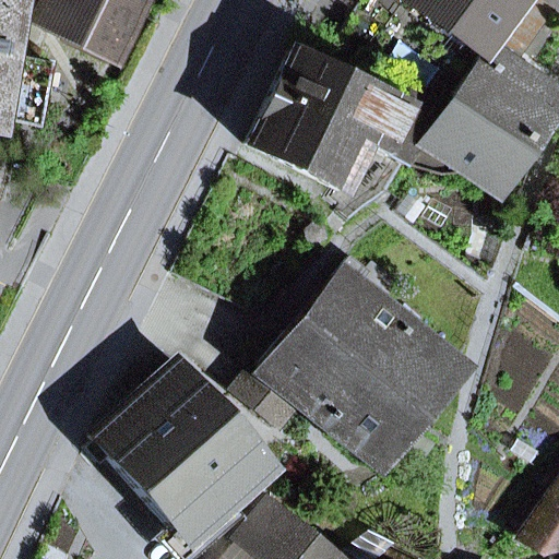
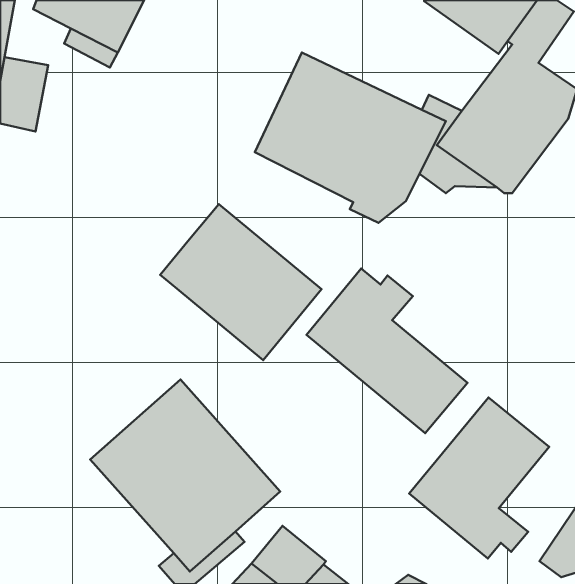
building: none -> [160,204,322,360]
building: [235,320,415,461] -> none
building: none -> [409,397,549,559]

